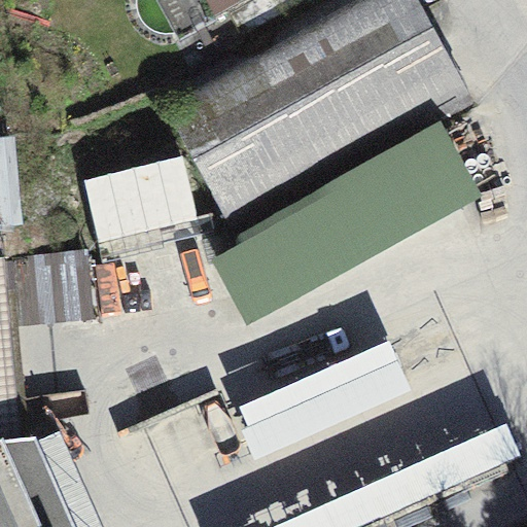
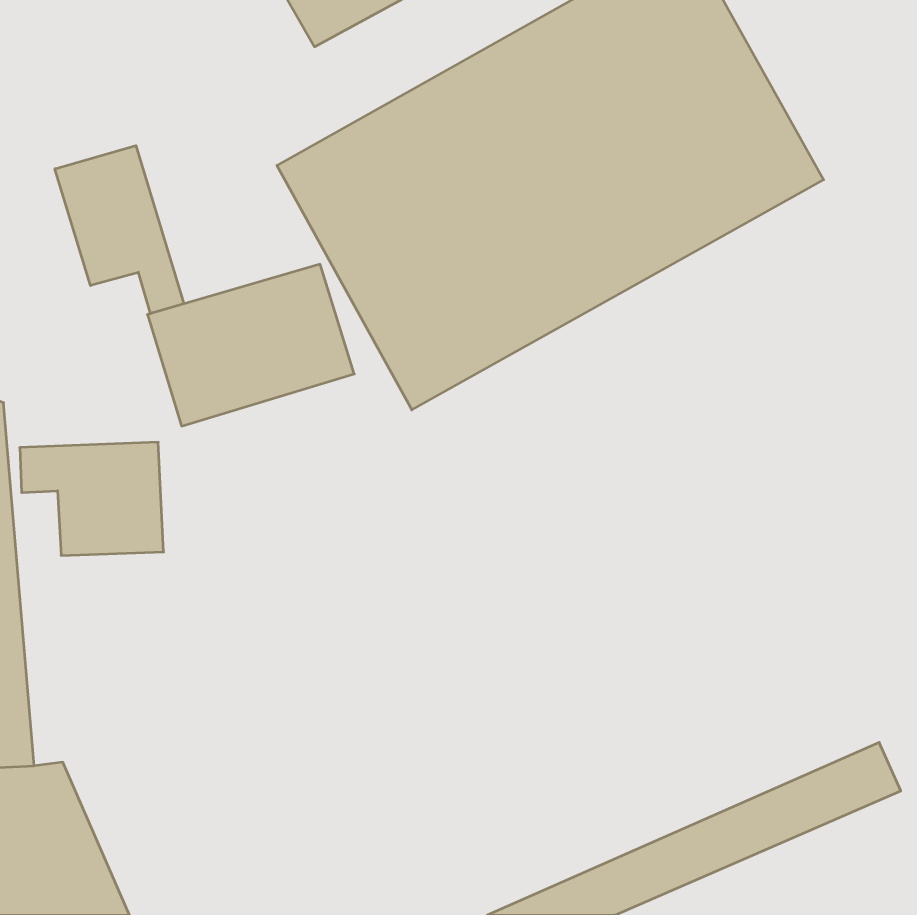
building: none -> [55,146,184,314]
building: [212,134,480,327] -> none
building: [243,343,407,455] -> none

